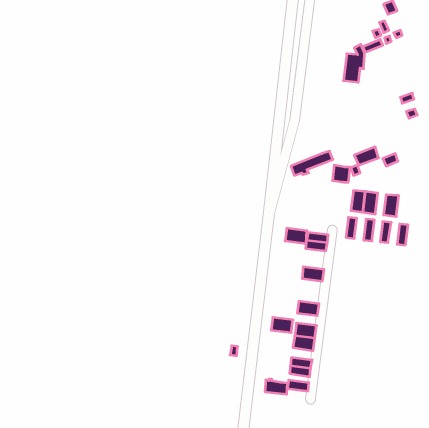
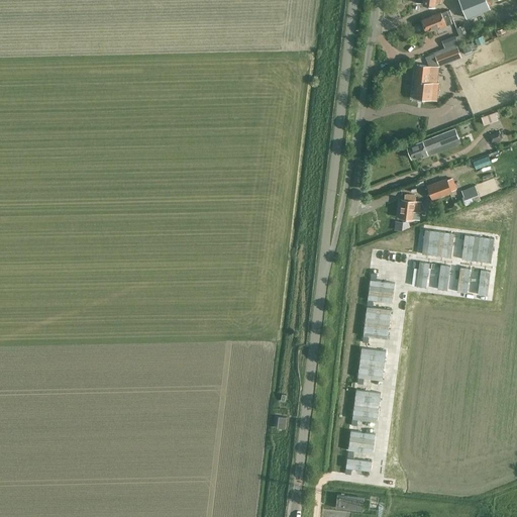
building: none -> [422,11,452,32]
building: [291,151,333,175] -> [408,129,458,159]
building: none -> [477,236,494,264]
building: [285,228,307,243] -> [365,307,391,325]
building: [271,317,293,333] -> [359,348,386,367]
building: [265,379,288,394] -> [335,494,363,512]

